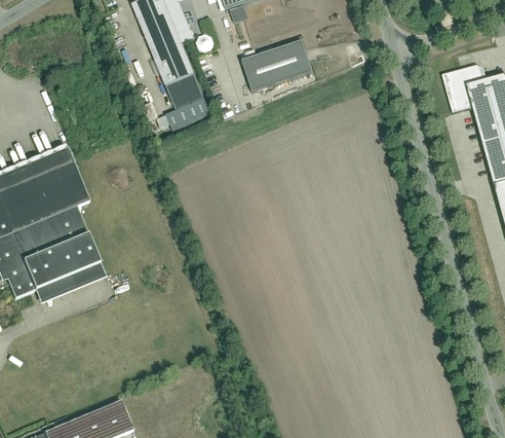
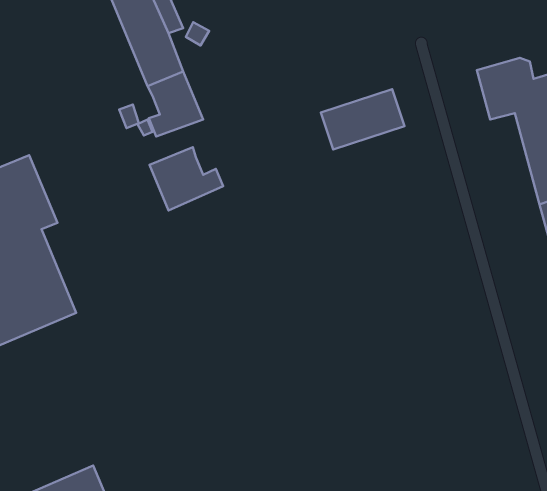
building: [241,41,311,92] -> [321,89,405,149]
building: none -> [150,147,223,210]

